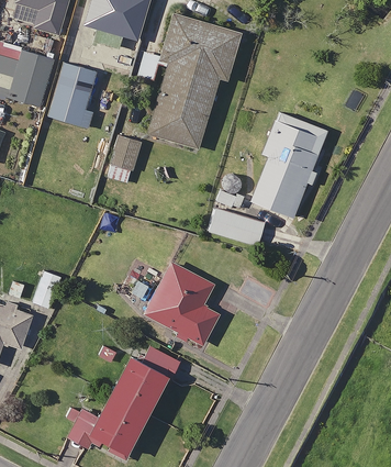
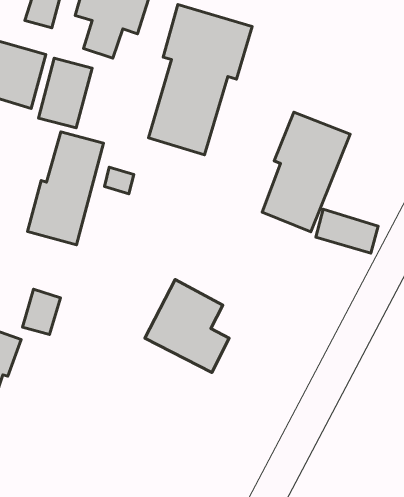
building: none -> [28,132,104,245]
building: [210,207,266,246] -> [316,209,378,253]
building: [75,345,180,451] -> none

